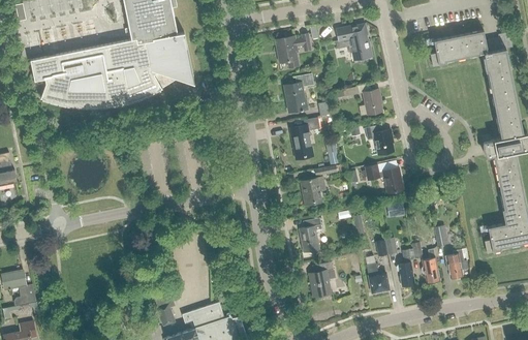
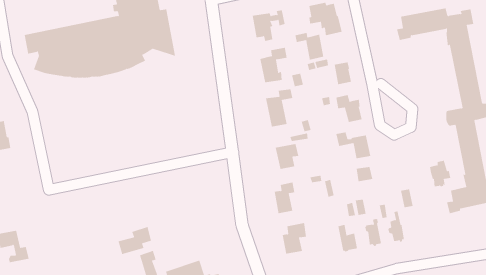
building: none -> [295,32,324,60]
building: [444,249,468,278] -> [429,160,451,187]
building: none -> [118,226,152,255]

